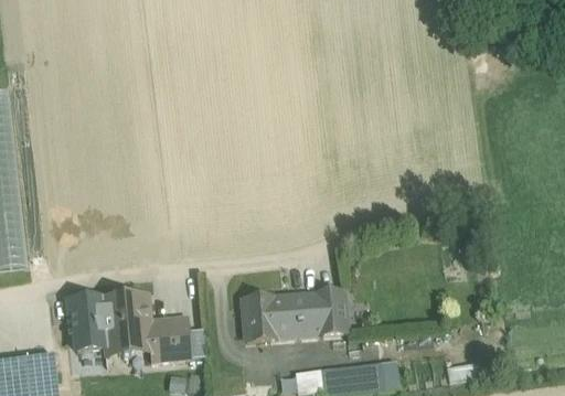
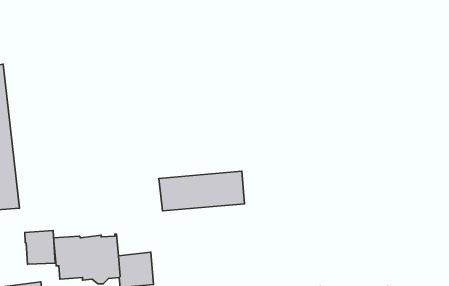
building: none -> [25,230,55,264]
building: [241,290,345,339] -> [159,171,244,211]

